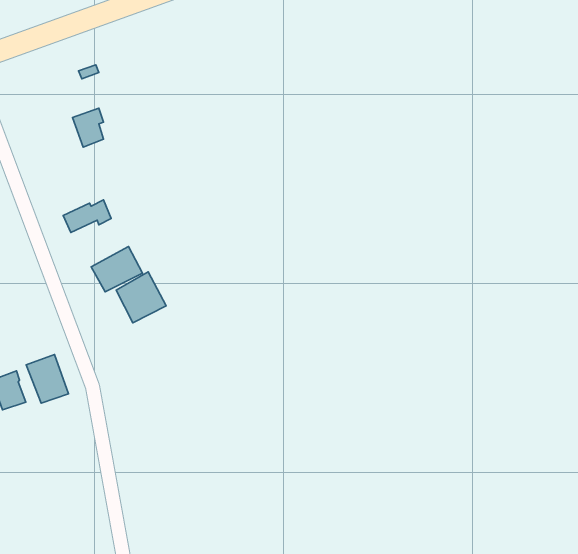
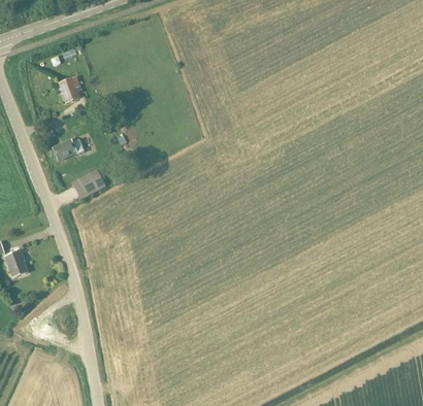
building: [116,272,166,323] -> none
building: [26,354,68,403] -> none

